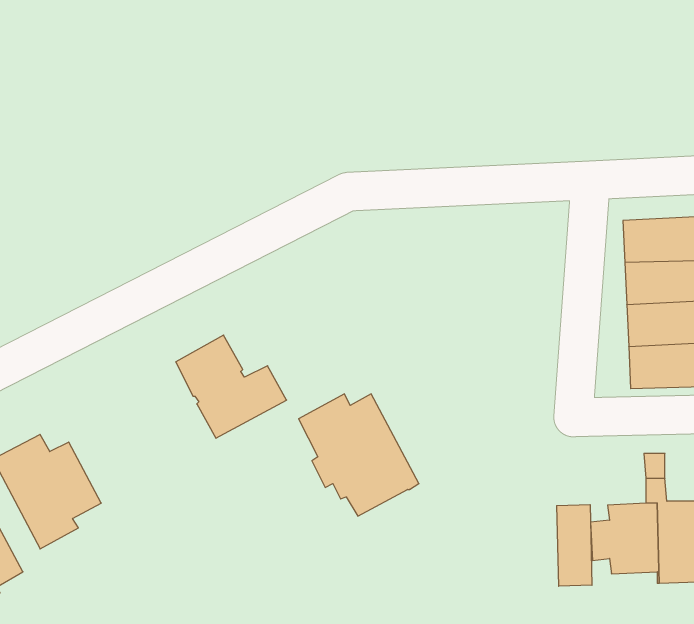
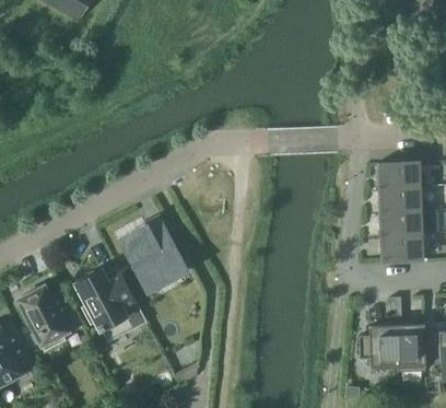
building: [299,394,419,516] -> [75,269,144,339]
building: [557,505,592,586] -> none

